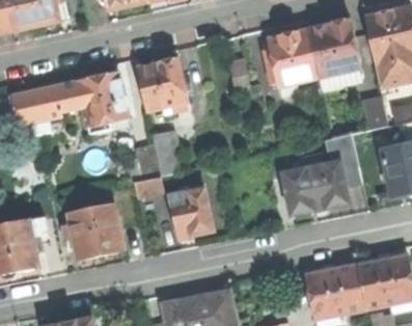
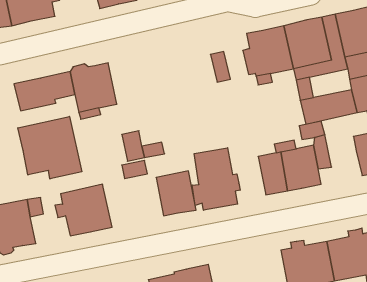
building: [135,57,189,113] -> none
building: none -> [18,116,82,179]
building: none -> [192,148,240,210]

